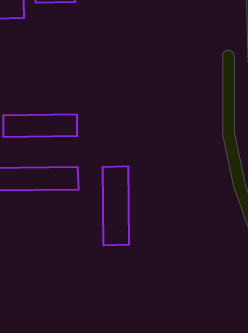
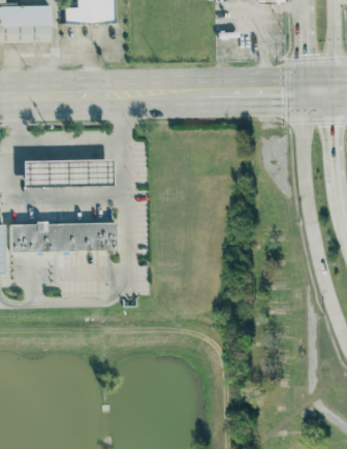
building: [103,166,129,245] -> none

